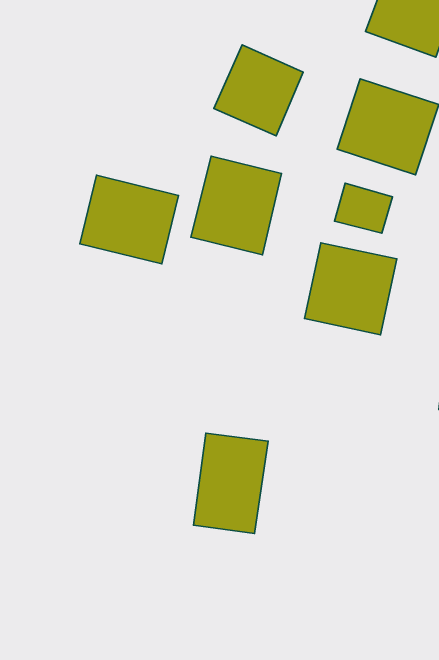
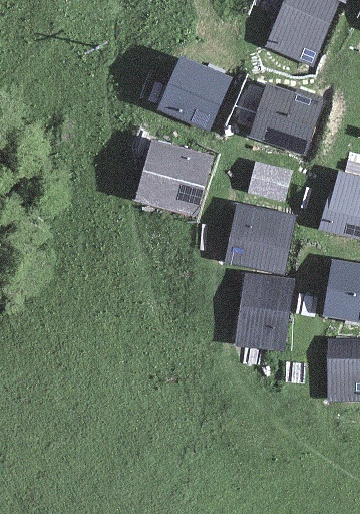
building: [80,175,179,264] -> none
building: [194,433,268,533] -> [241,276,296,350]

